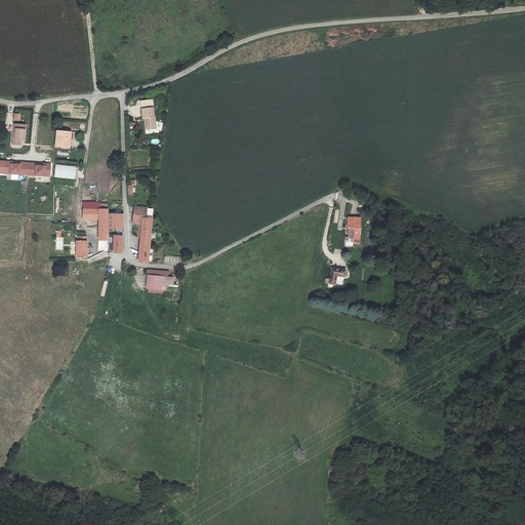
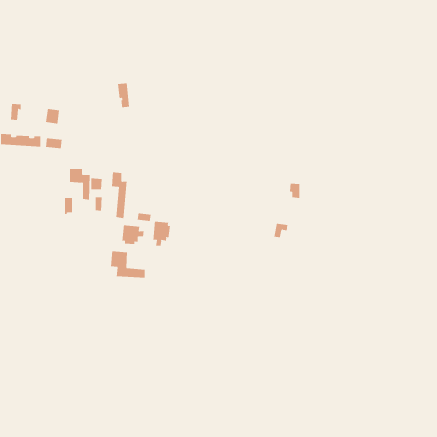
building: none -> [153,221,170,246]
building: none -> [110,250,145,279]

